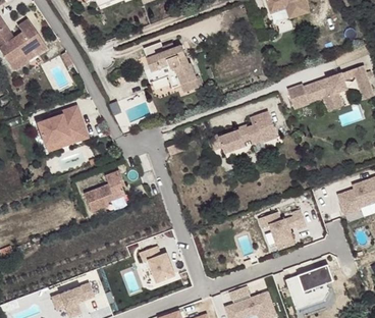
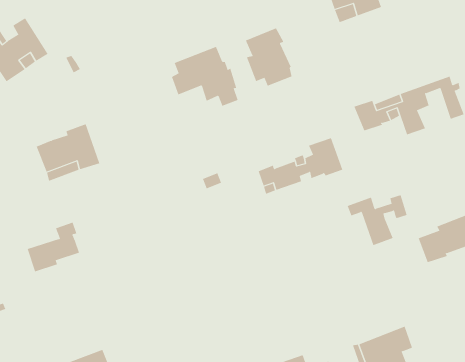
building: none -> [245,28,292,86]
building: [77,167,119,207] -> [27,222,80,272]
building: [258,208,306,249] -> [347,194,408,246]
building: [141,246,176,281] -> none

